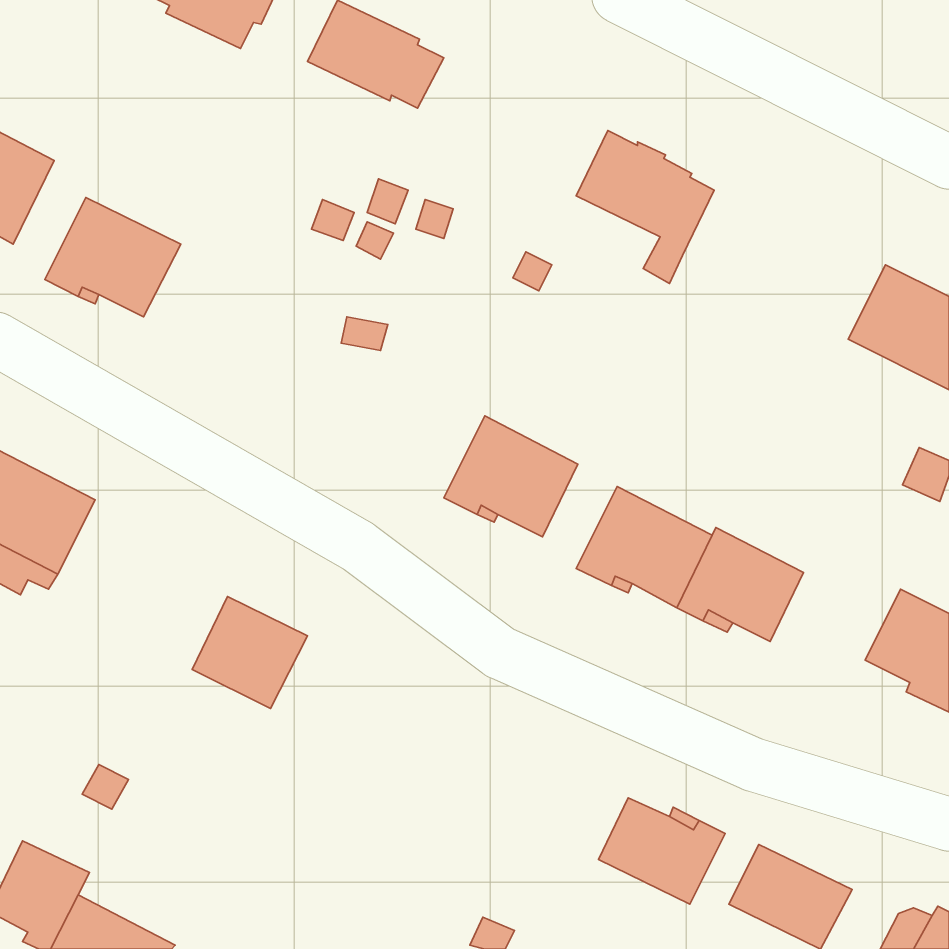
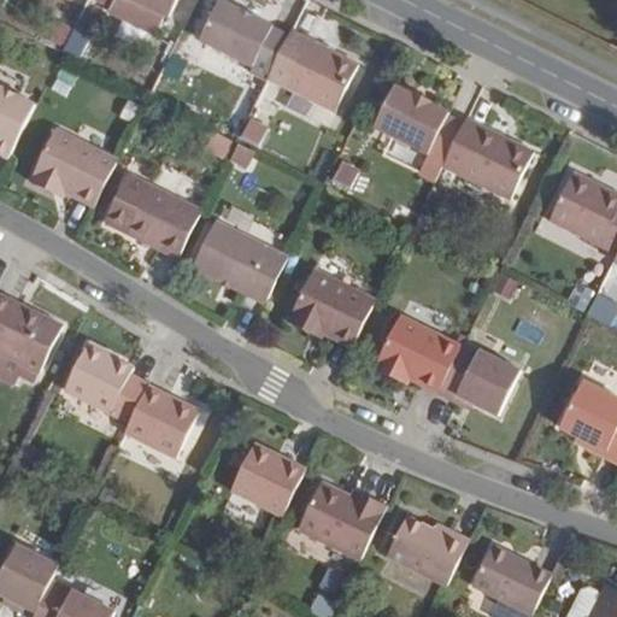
building: none -> [266,30,357,111]
building: none -> [441,118,531,199]
building: none -> [105,174,200,257]
building: none -> [190,222,287,304]
building: none -> [66,341,148,419]
building: none -> [230,442,305,515]
building: none -> [296,481,386,559]

